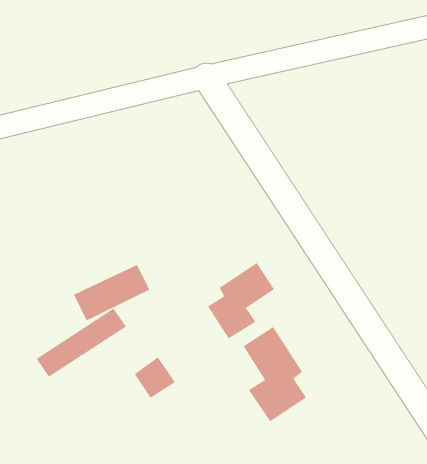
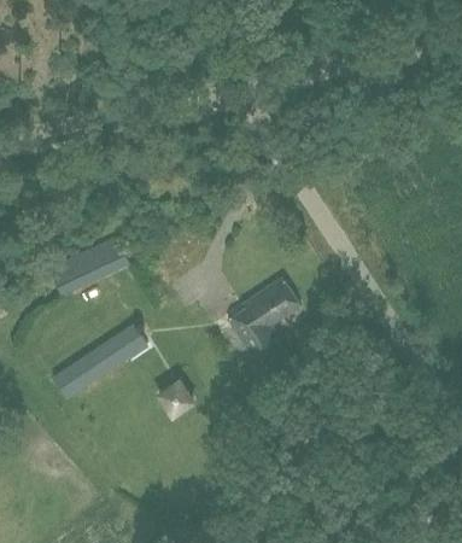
building: [73,264,150,321] -> [49,238,129,297]
building: [243,326,307,422] -> none

